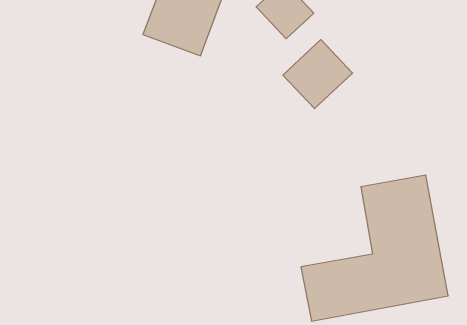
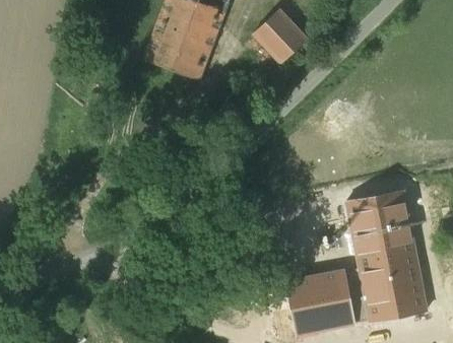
building: [283,40,353,109] -> none

